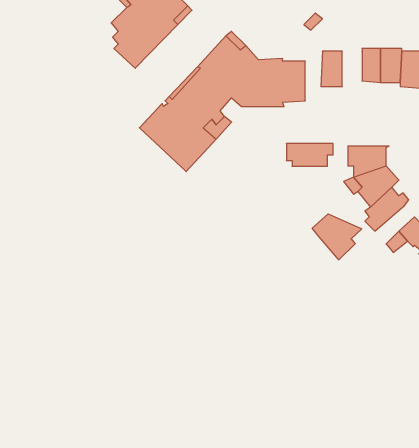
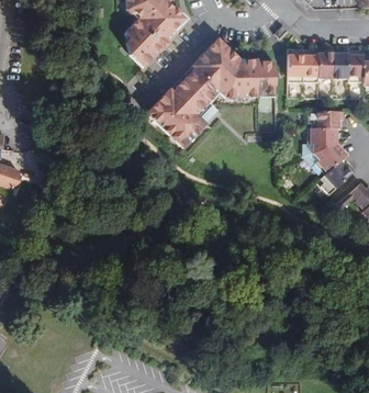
building: none -> [304,54,320,81]
building: [286,144,333,166] -> [309,110,345,127]
building: [312,214,362,260] -> none

